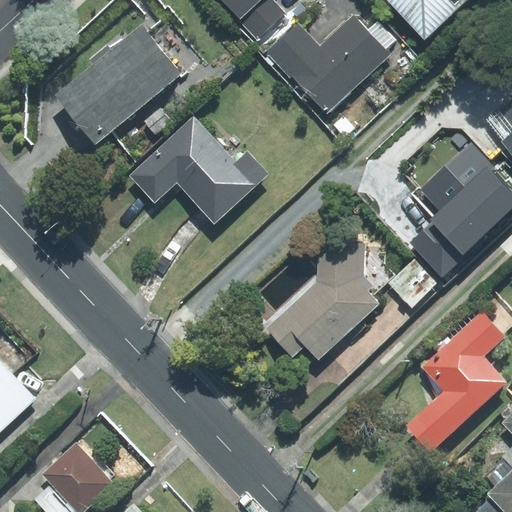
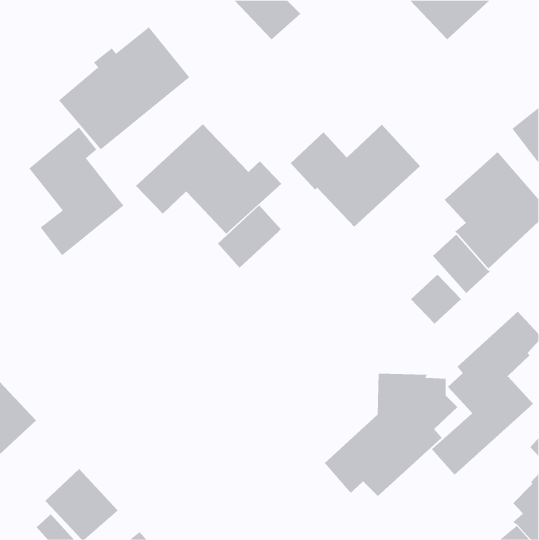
building: [265,15,389,113] -> [290,124,421,228]
building: none -> [29,127,124,256]
building: none -> [217,205,282,268]
building: [267,243,394,360] -> [324,373,458,497]

